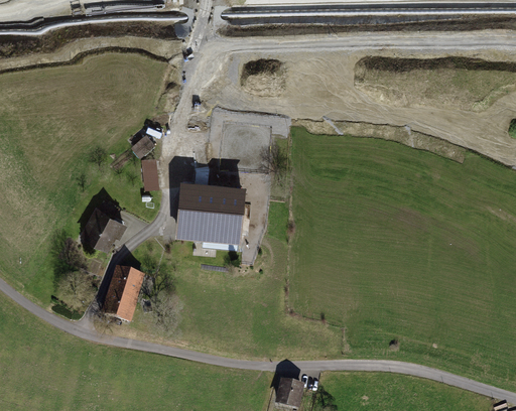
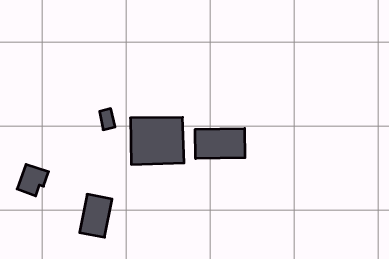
building: none -> [195,128,245,159]
building: [85,211,126,251] -> [17,164,49,196]

